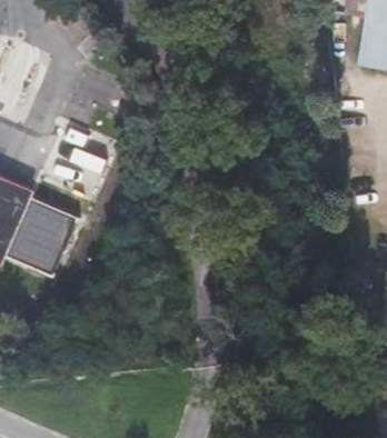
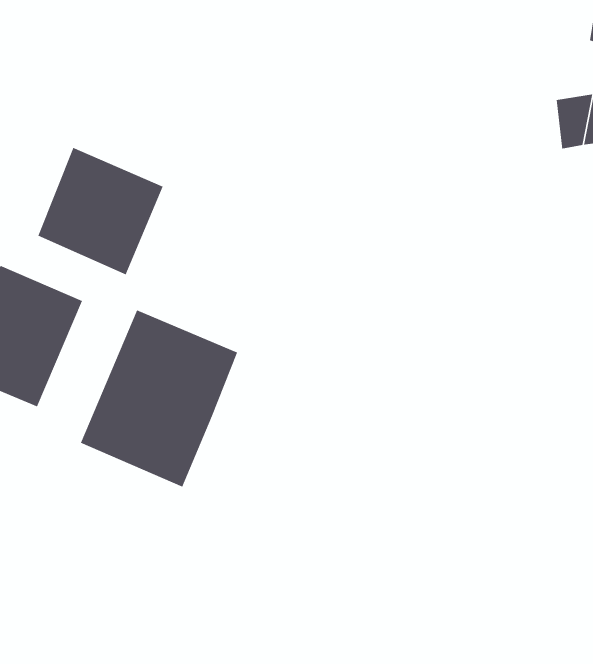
building: none -> [80,309,238,487]

